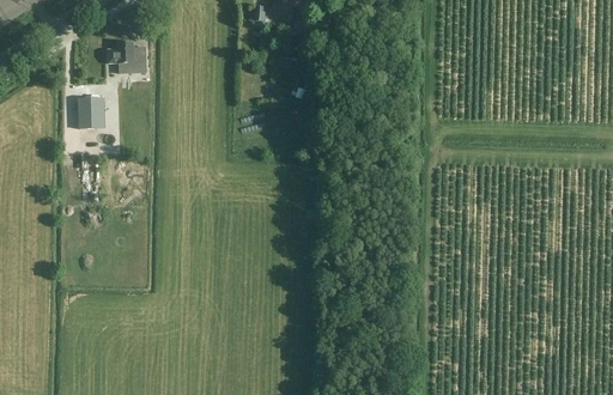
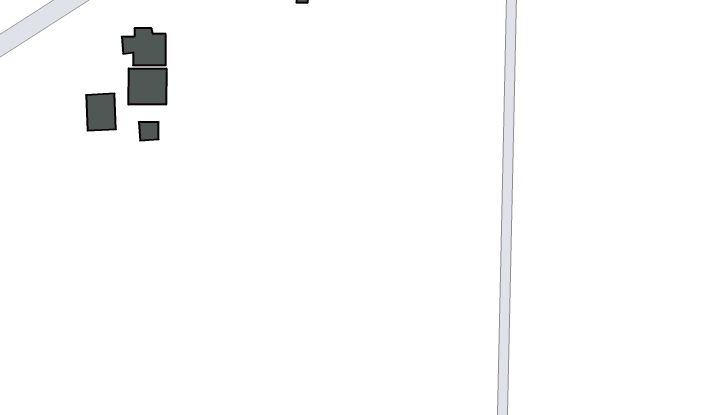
building: none -> [128,68,166,105]

